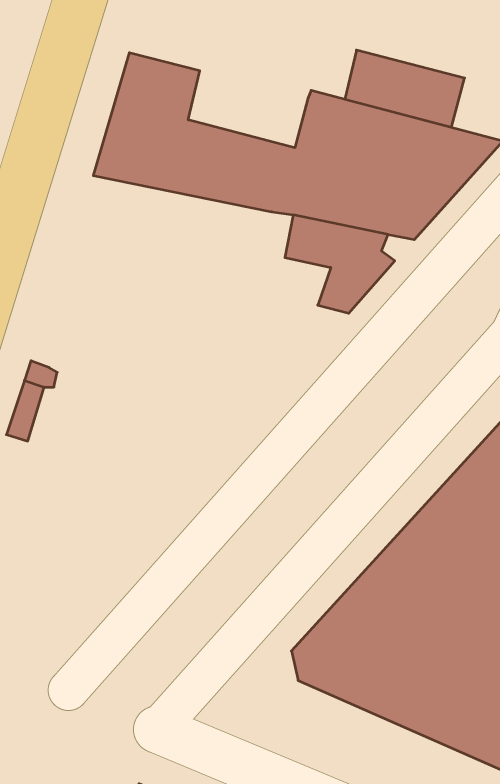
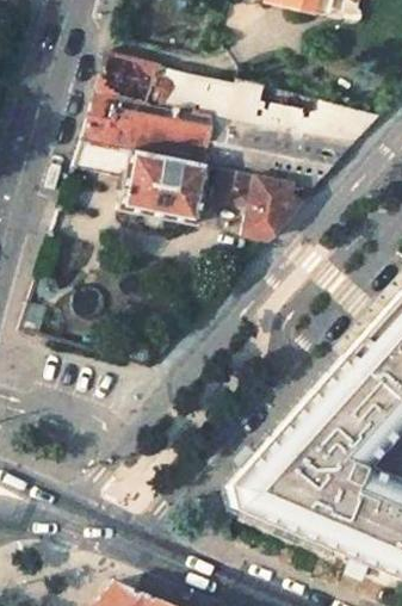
building: [345,50,465,127] -> [153,63,240,119]
building: none -> [75,140,214,223]

